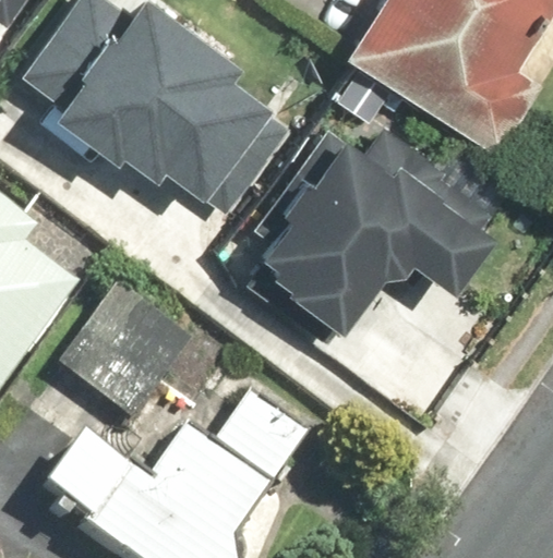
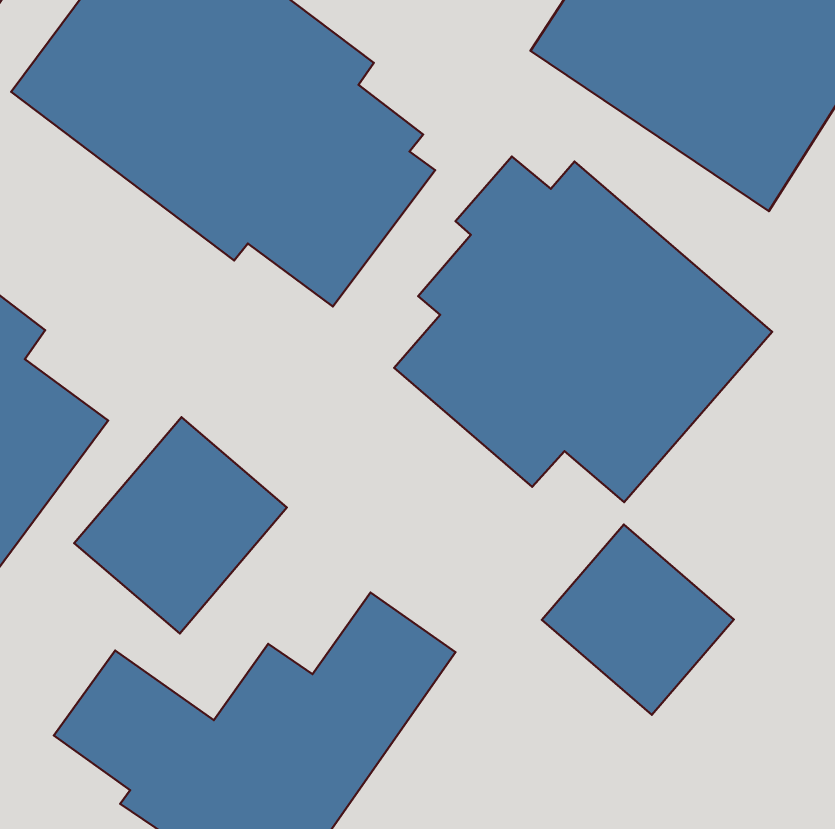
building: none -> [542,525,734,715]

